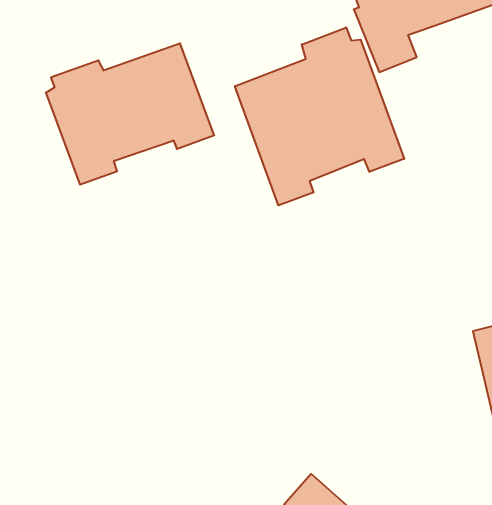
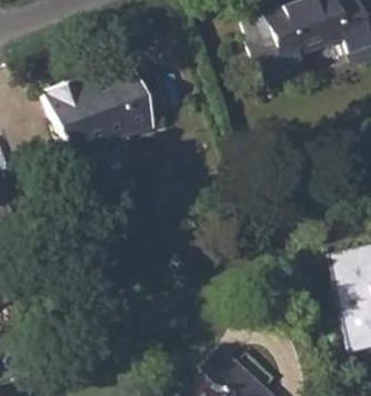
building: [235,27,404,205] -> none

